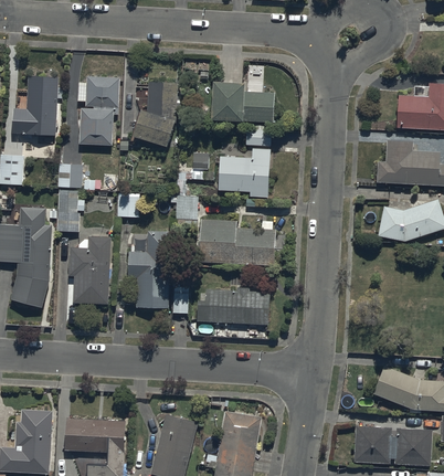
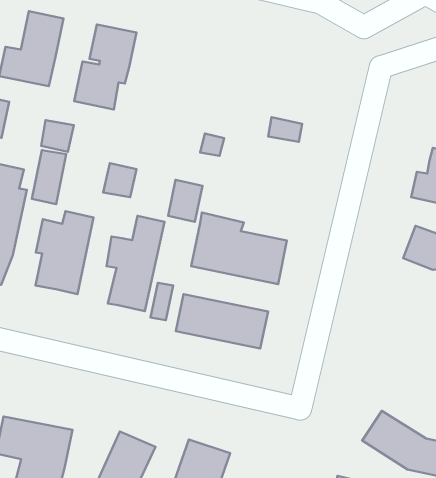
building: [133,84,177,149] -> none
building: [212,84,275,124] -> none
building: [218,149,269,198] -> none

